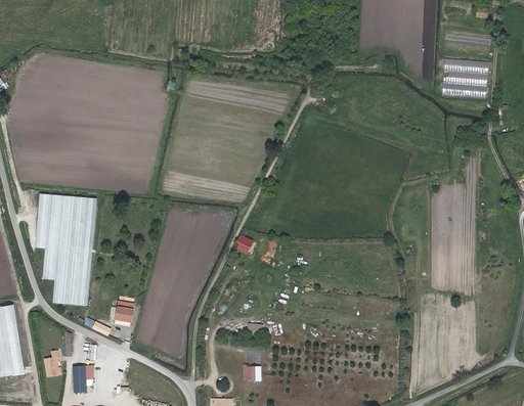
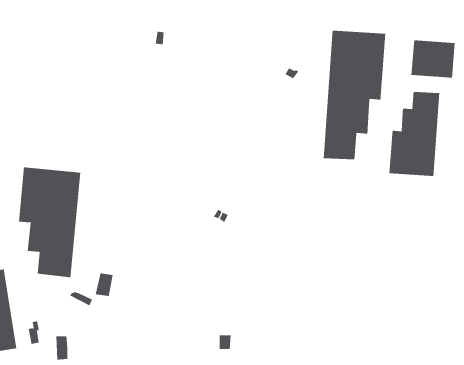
building: none -> [323,30,386,160]
building: none -> [389,91,440,177]

